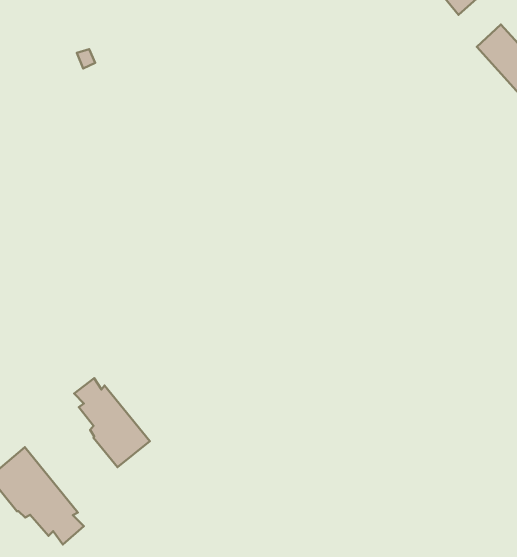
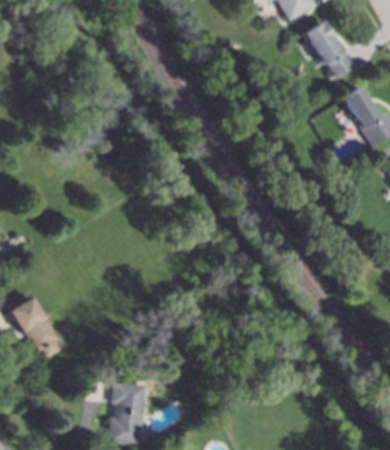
building: [74,378,150,467] -> none

